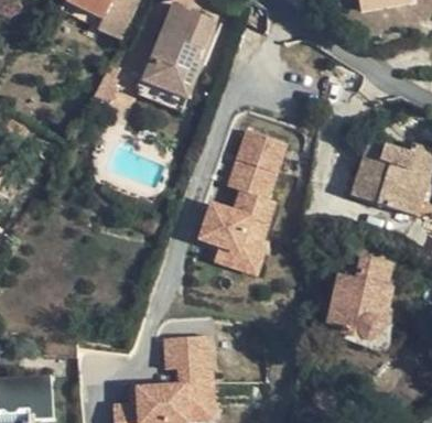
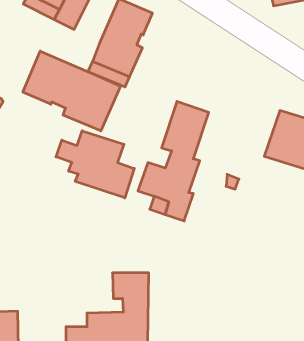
building: none -> [23,51,121,131]
building: none -> [56,131,134,198]
building: [328,256,392,338] -> none

